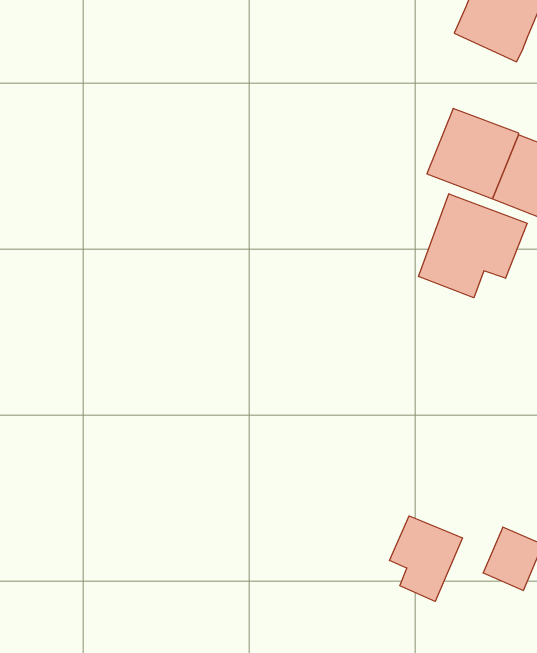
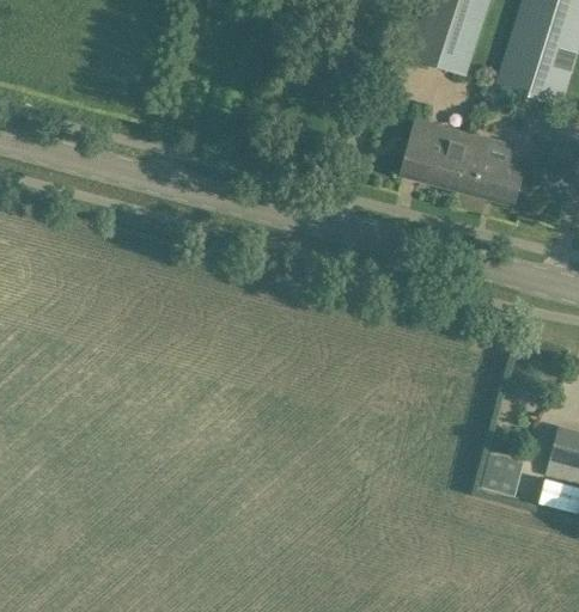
building: [419,194,527,298] -> none
building: [390,516,462,601] -> none

